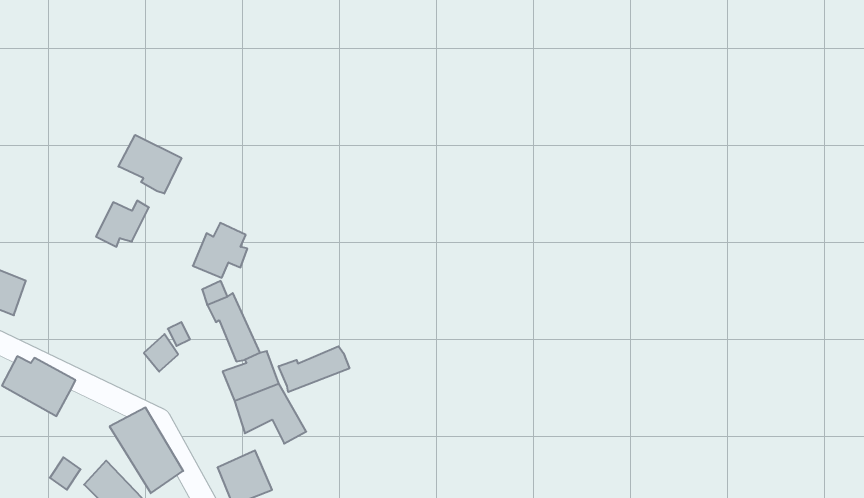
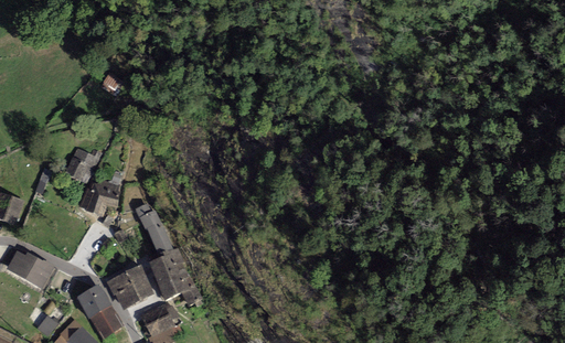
building: [118,135,181,194] -> none
building: [193,223,247,278] -> [83,178,118,213]
building: [279,346,349,392] -> none
building: none -> [107,265,153,310]

